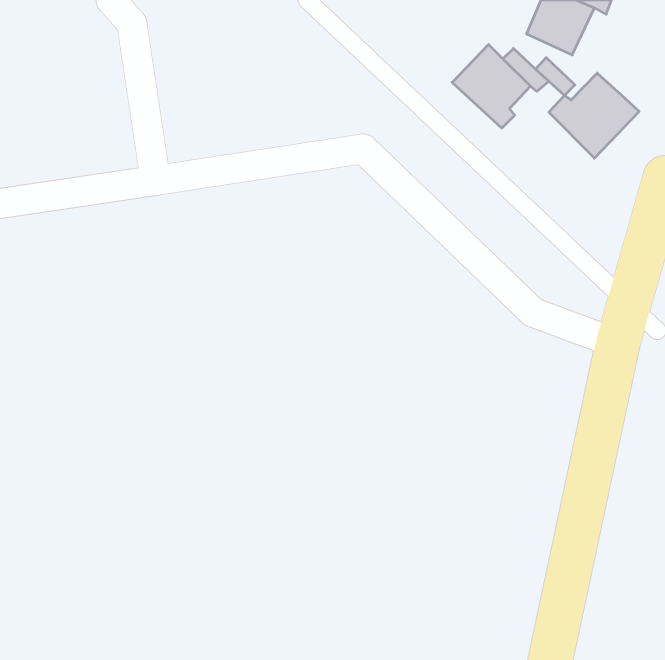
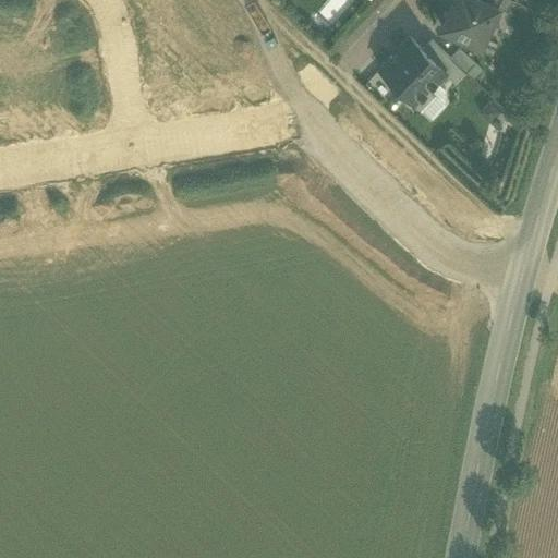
building: [549,73,639,158] -> none

